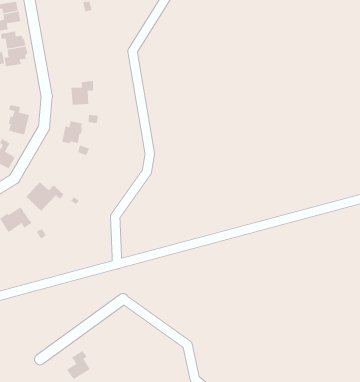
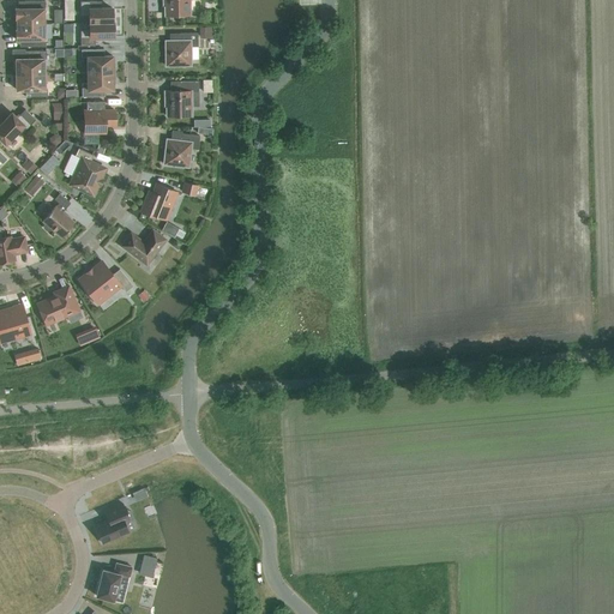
building: none -> [165,32,198,65]
building: none -> [164,79,199,115]
building: none -> [84,101,115,132]
building: none -> [122,229,165,264]

